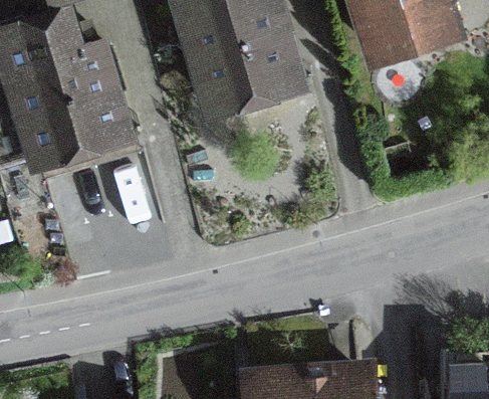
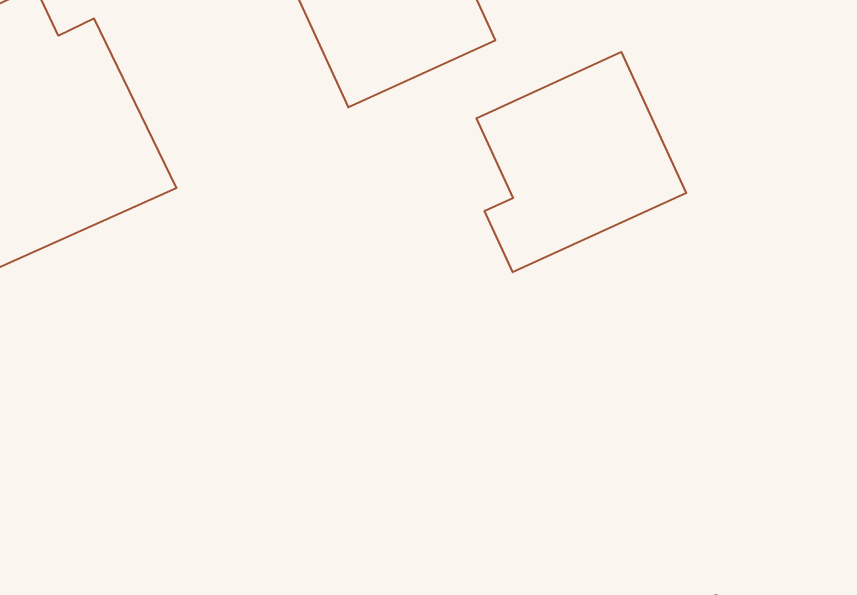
building: none -> [477,52,686,272]

